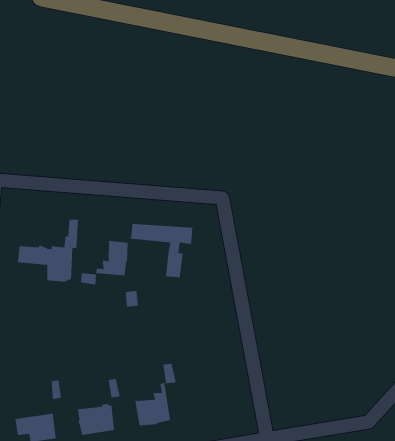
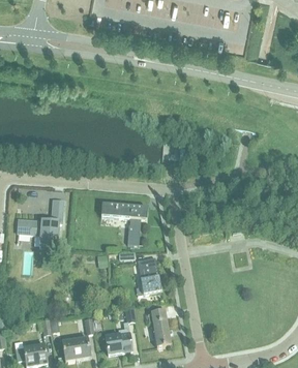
building: [81,240,128,286] -> none
building: none -> [137,257,160,295]
building: none -> [145,311,172,347]

